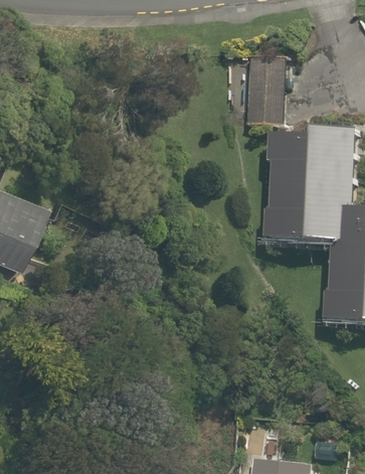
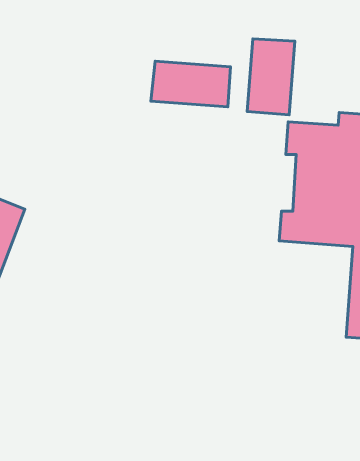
building: none -> [151,61,231,107]

